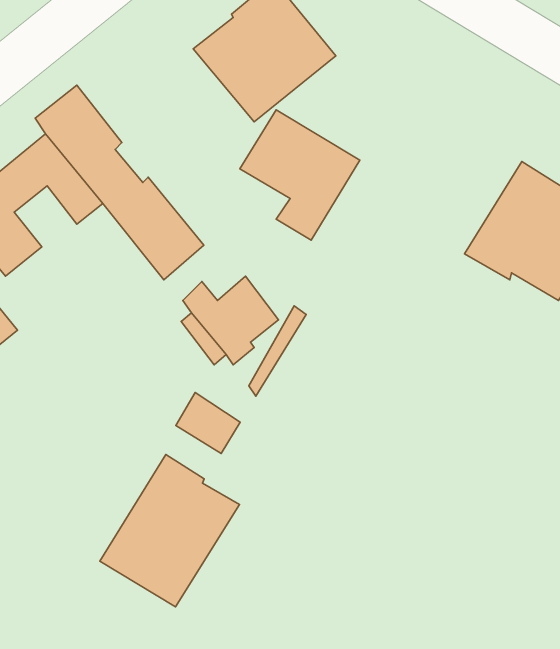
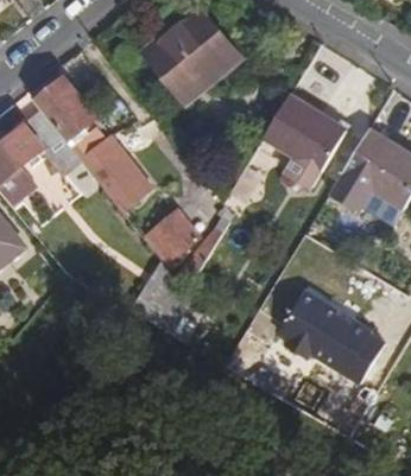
building: [240,110,360,240] -> [263,96,344,185]
building: none -> [279,288,386,382]
building: [100,454,239,607] -> none

